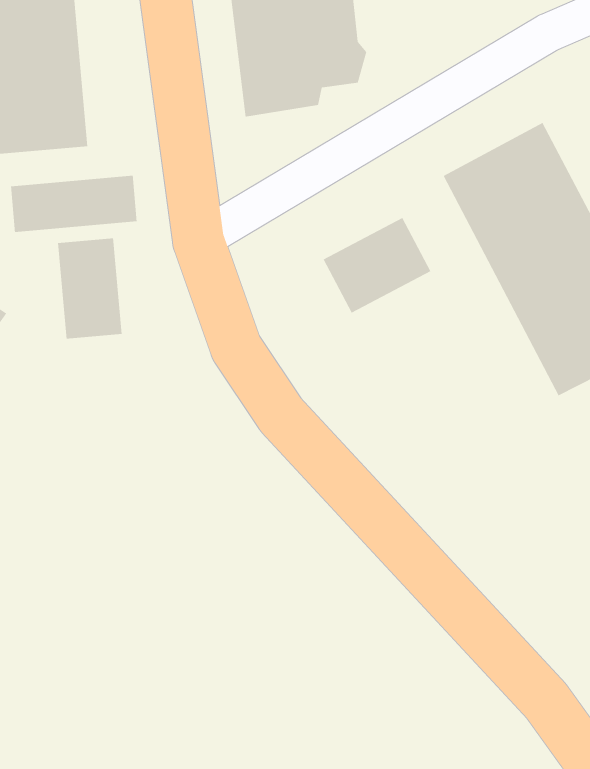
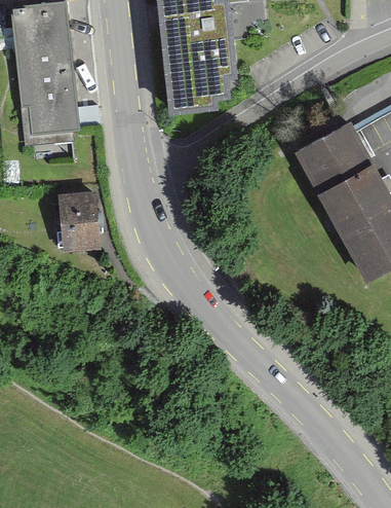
building: [10,175,137,233] -> none
building: [323,217,431,314] -> none

